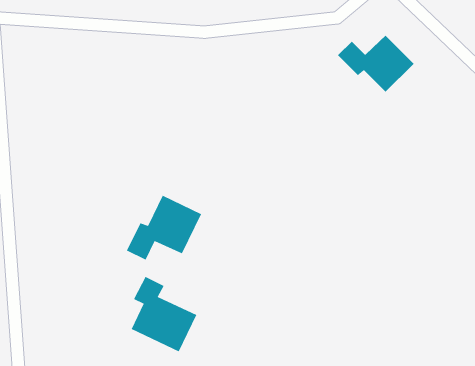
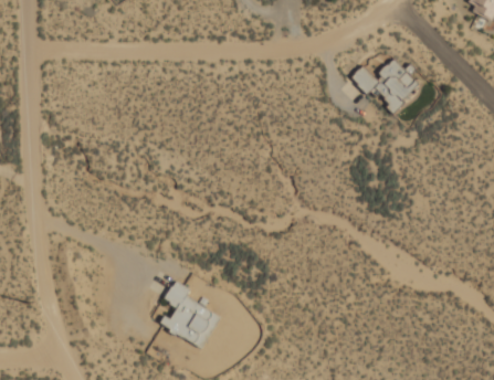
building: [126,195,202,260] -> none

